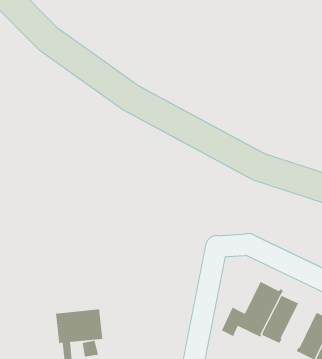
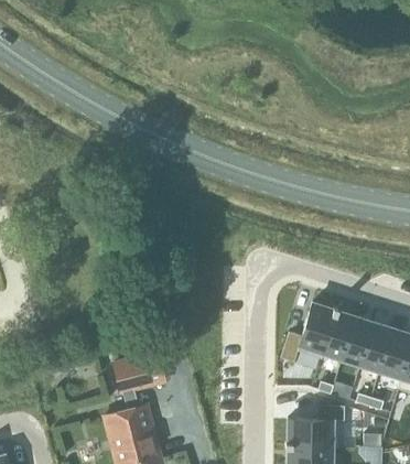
building: none -> [344,317,375,362]

